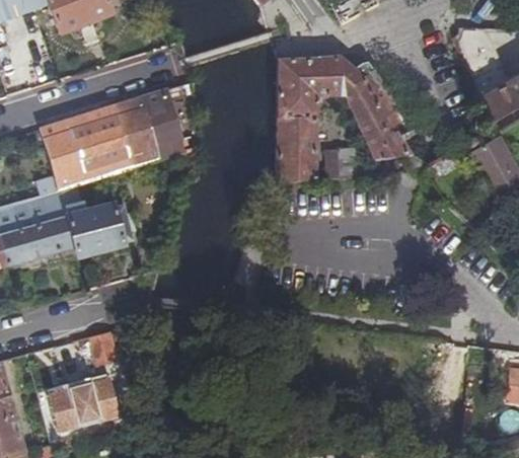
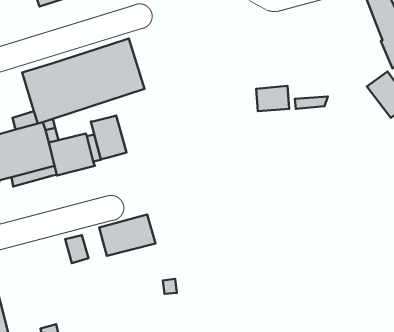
building: [276,51,420,181] -> none
building: none -> [91,116,126,160]
building: [50,377,119,428] -> [99,214,155,256]

